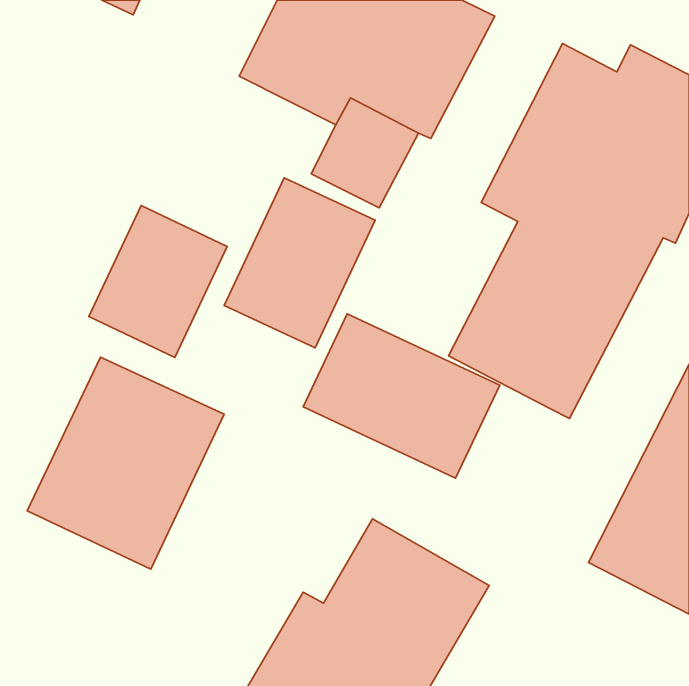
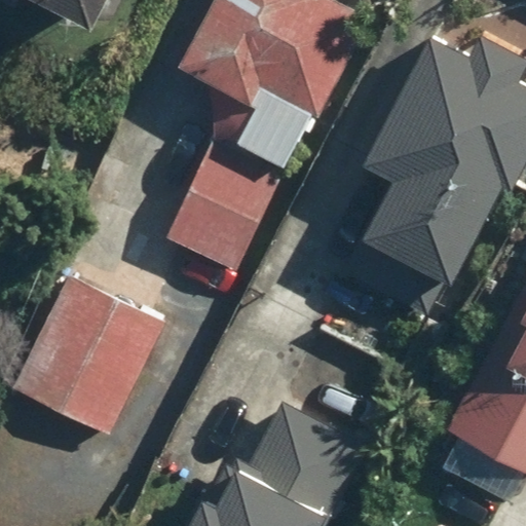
building: [89,205,227,357] -> none
building: [303,314,500,478] -> none

